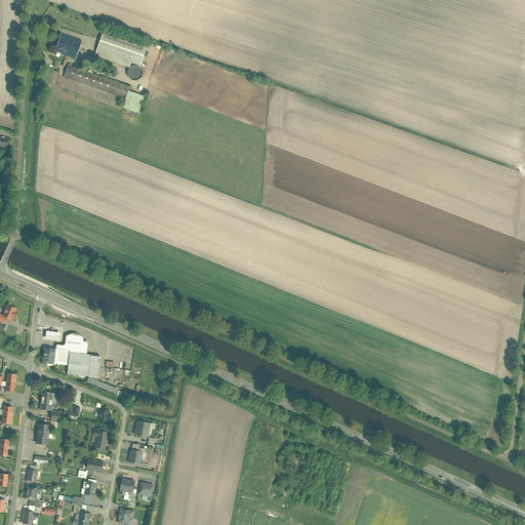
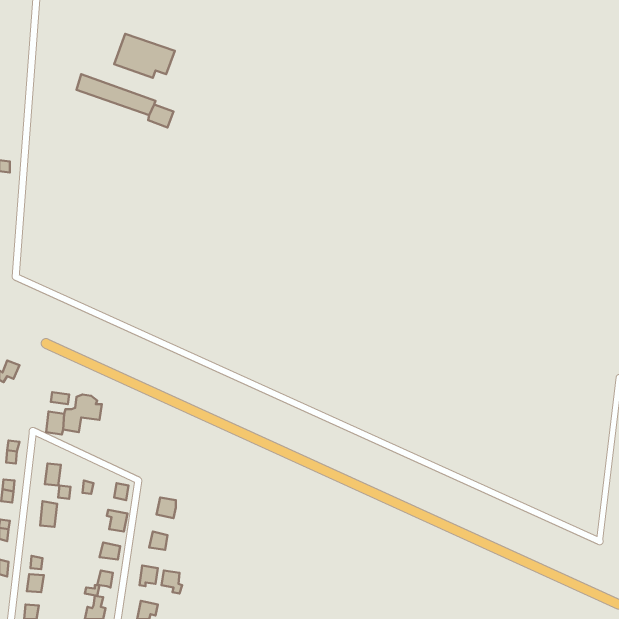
building: [55,33,82,57] -> none
building: [66,353,98,378] -> none

